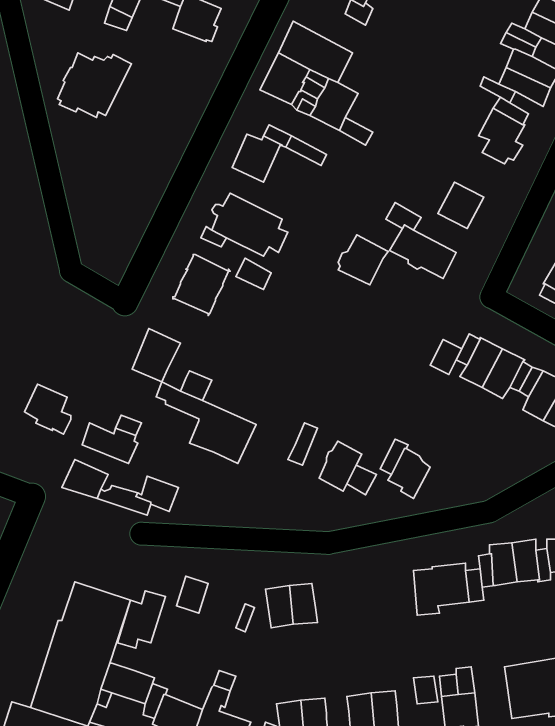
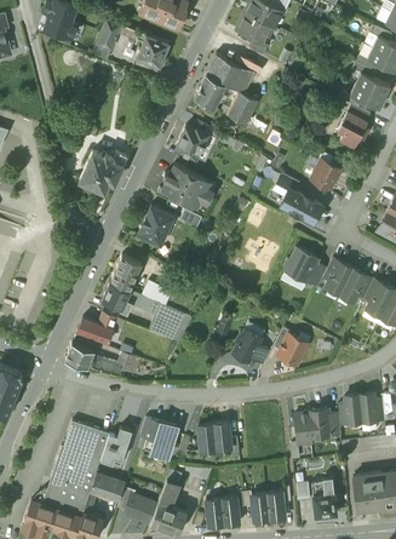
building: [57,53,132,117] -> [79,150,127,193]
building: [338,235,388,285] -> [285,246,317,279]
building: [25,384,71,434] -> [102,281,132,314]
building: none -> [143,420,178,457]

